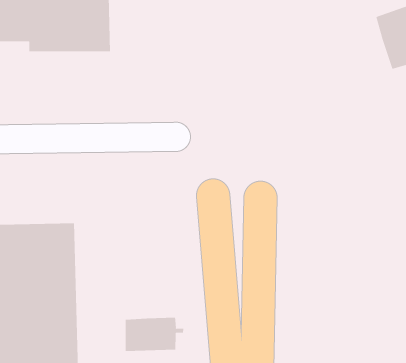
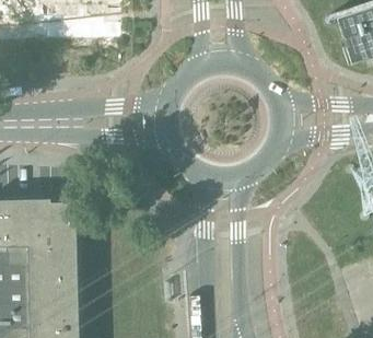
building: [125,317,184,352] -> none

